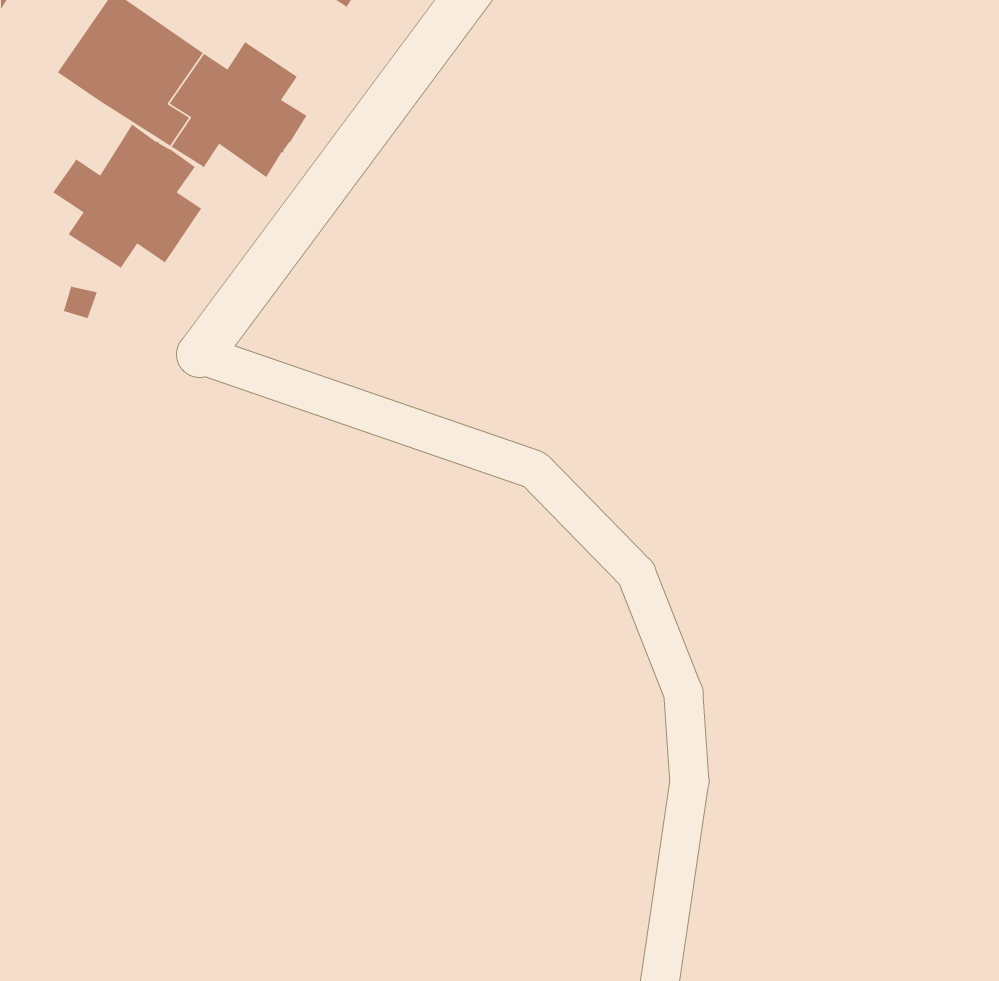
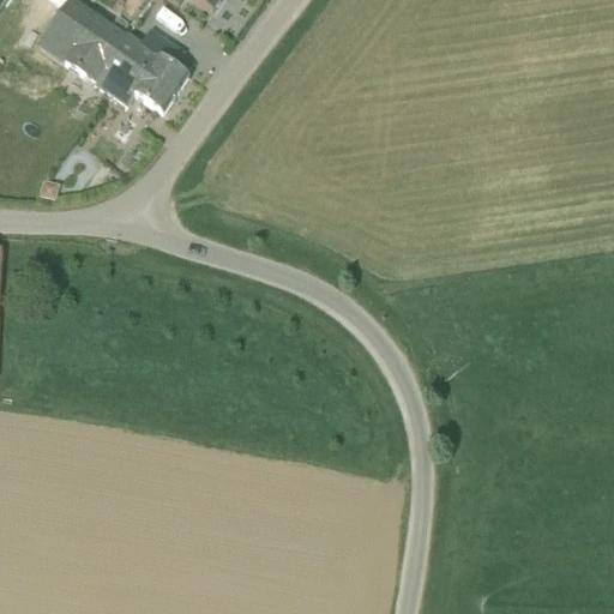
building: [52,124,202,269] -> none

